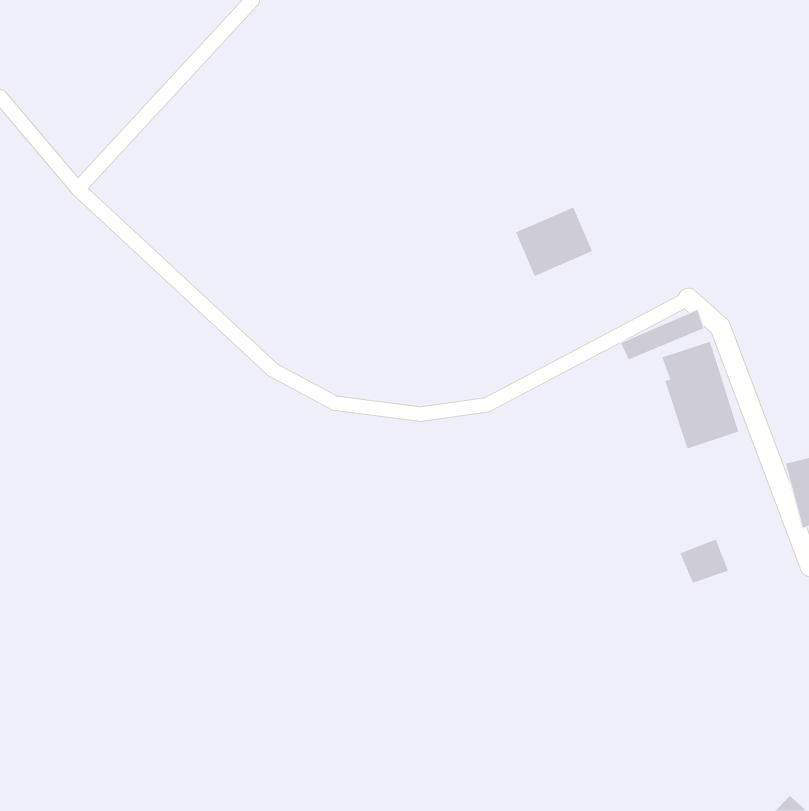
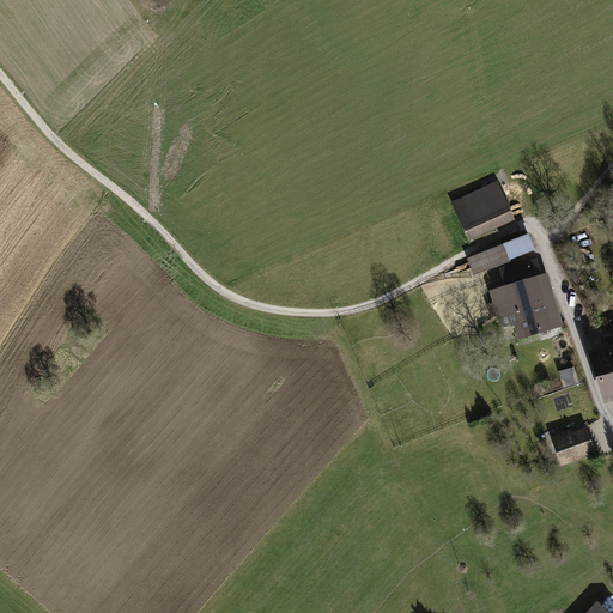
building: [515,207,593,277] -> [454,184,512,237]
building: [680,539,729,583] -> [557,429,594,462]

